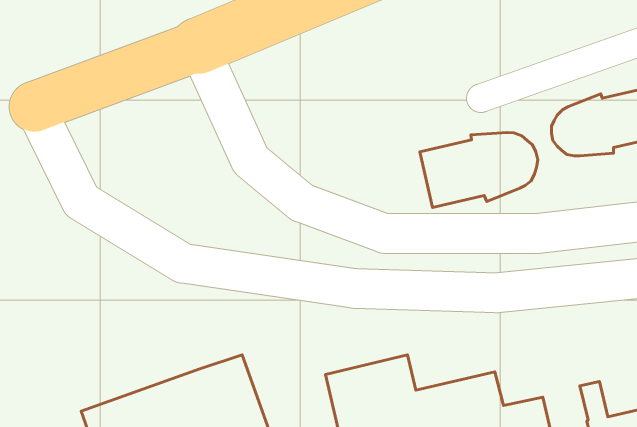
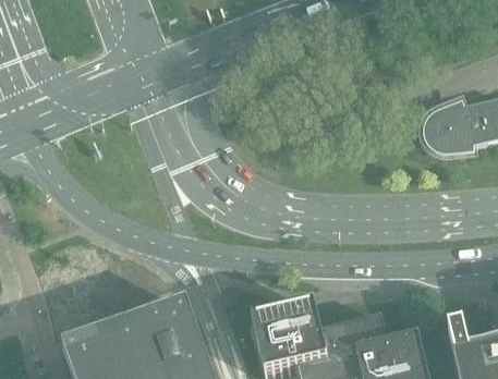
building: [420,133,538,207] -> none

